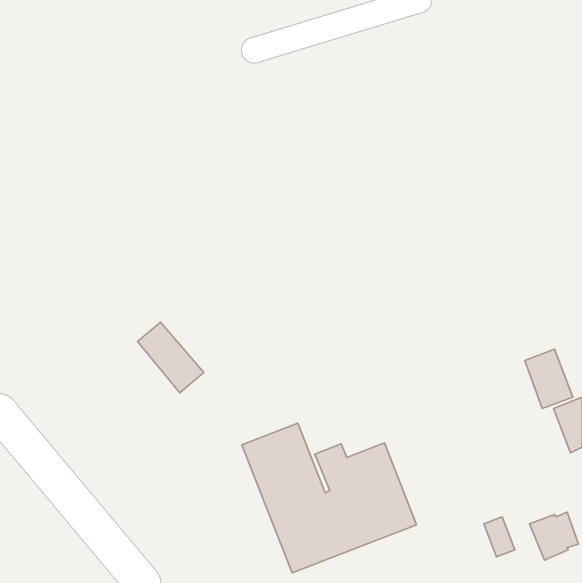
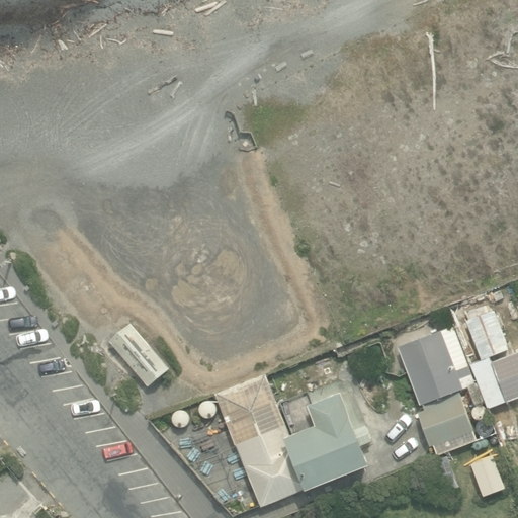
building: [138,322,204,393] -> [109,325,168,387]
building: none -> [397,325,484,447]

